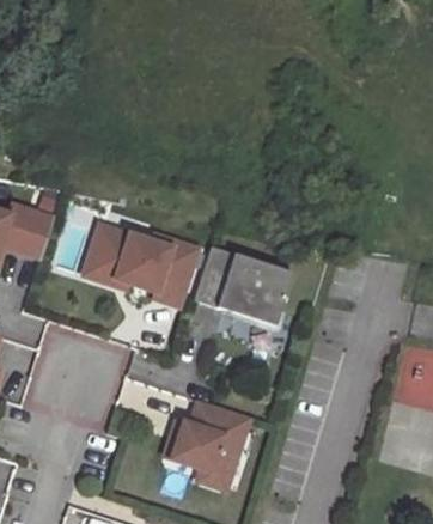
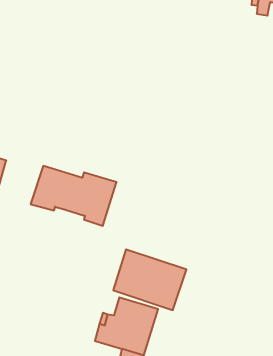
building: [195,244,292,324] -> [113,249,186,310]

